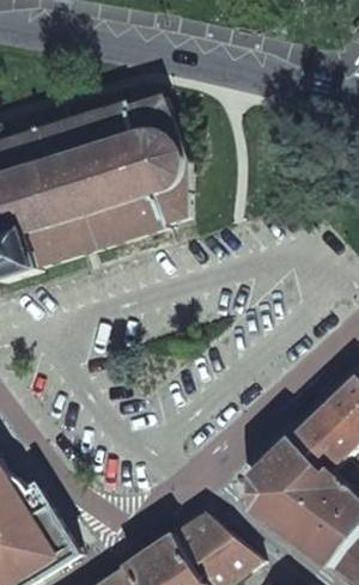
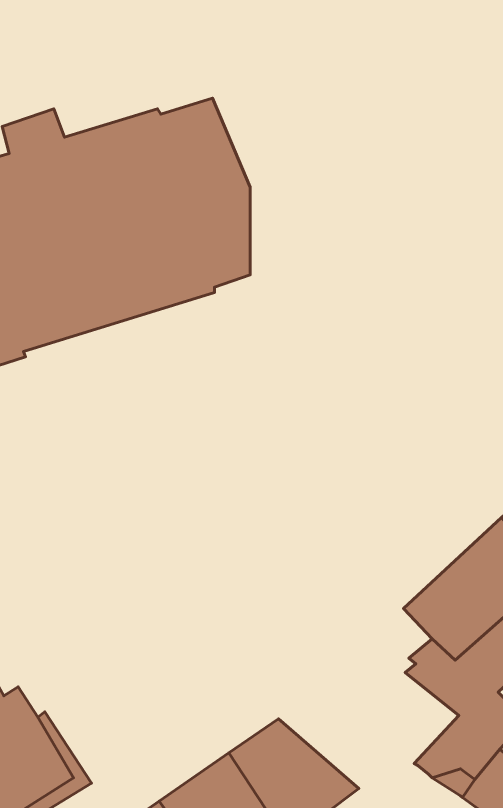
building: [254,439,328,543] -> none

